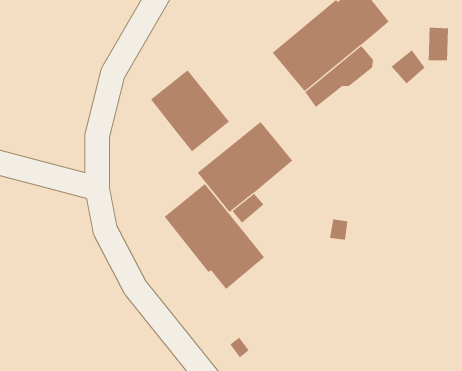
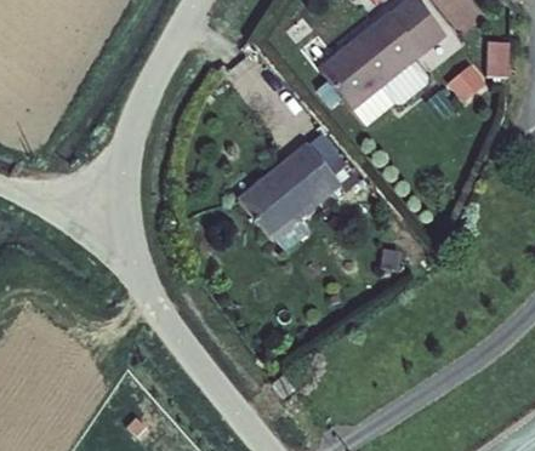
building: [150,70,230,152] -> none
building: [164,183,265,290] -> none

